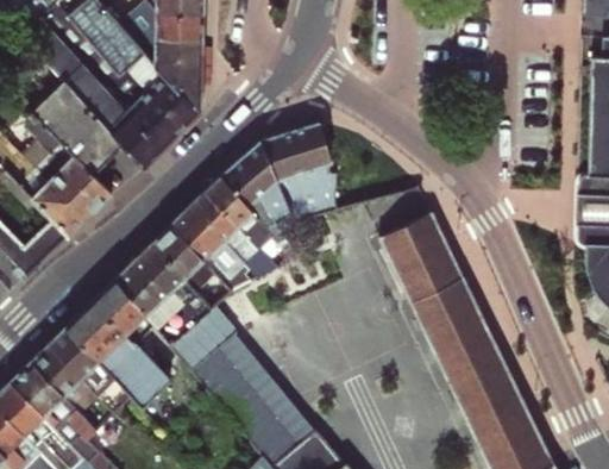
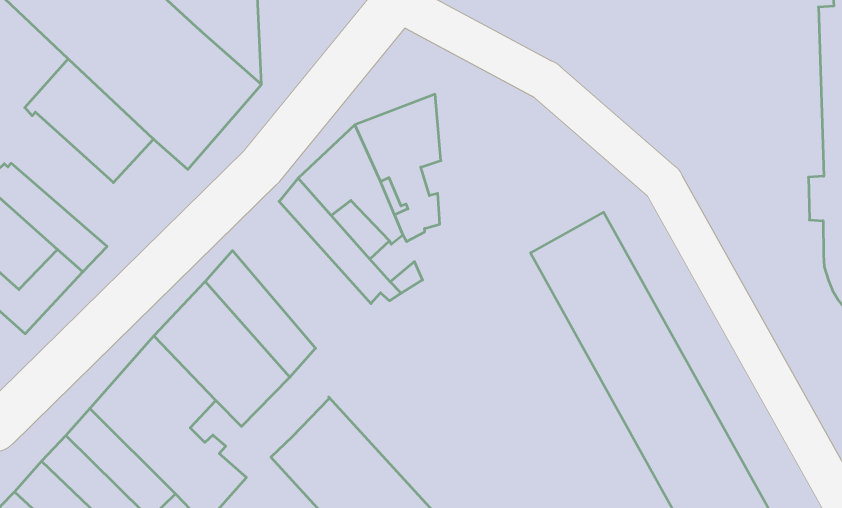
building: [24,118,113,214] -> none
building: [174,190,271,294] -> none
building: [172,307,234,368] -> none

